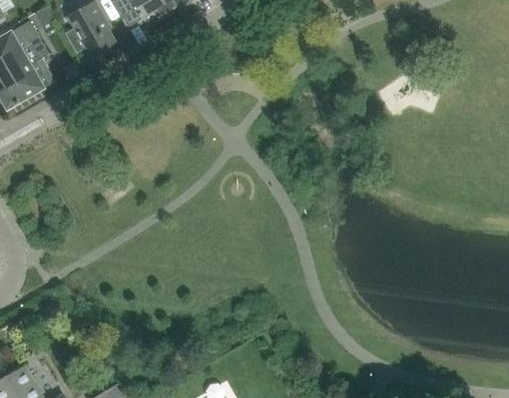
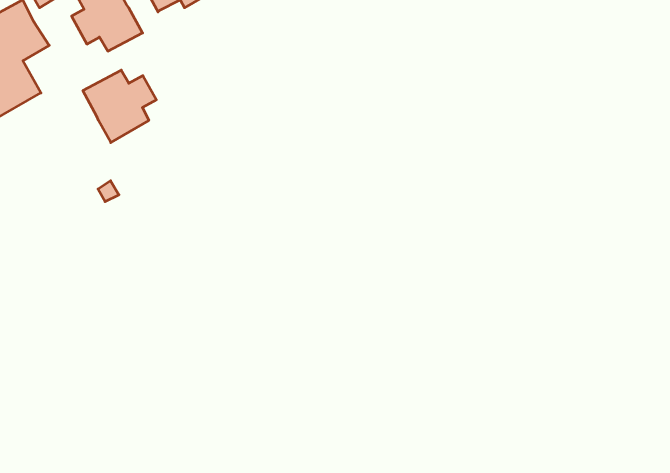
building: none -> [83,70,156,143]

